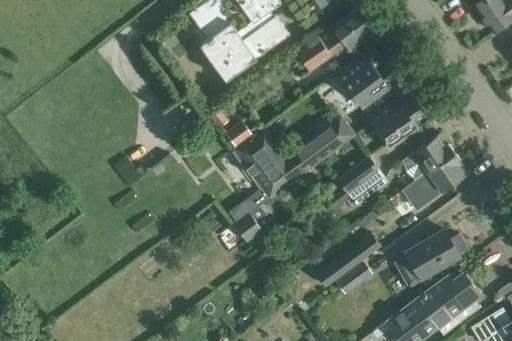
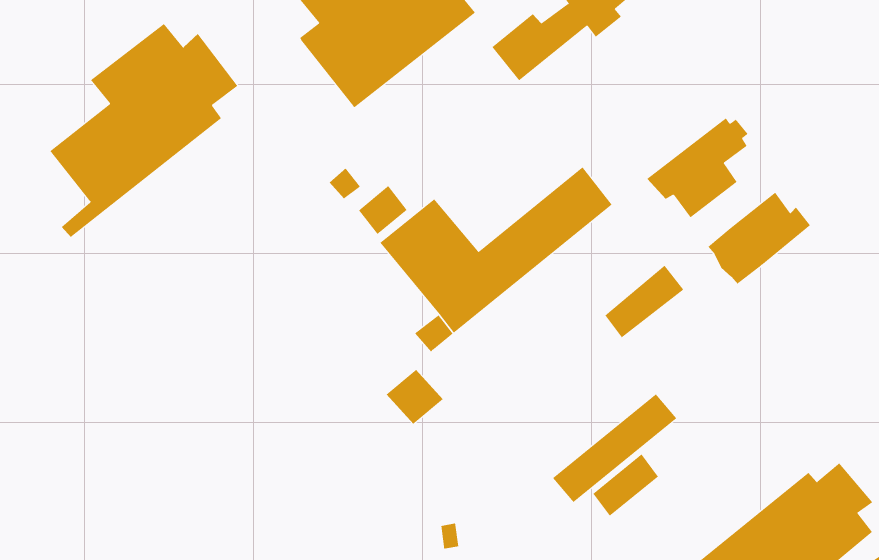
building: none -> [49,23,238,238]
building: [335,51,401,107] -> none
building: [403,153,465,209] -> none
building: [336,156,379,193] -> none
building: [396,230,468,287] -> none

